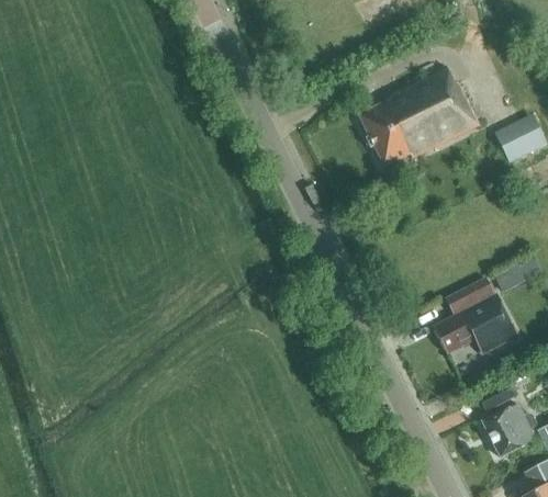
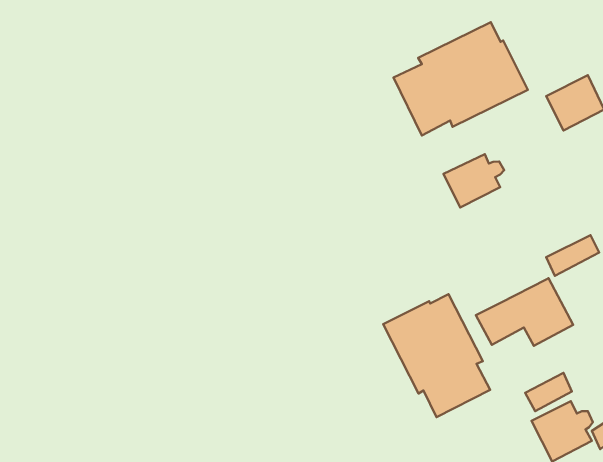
building: none -> [443,154,504,207]
building: [445,276,495,316] -> none
building: none -> [383,294,490,417]

